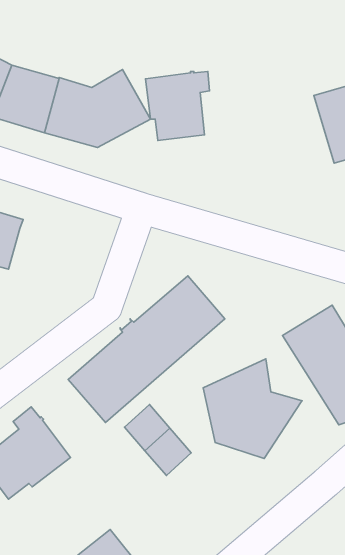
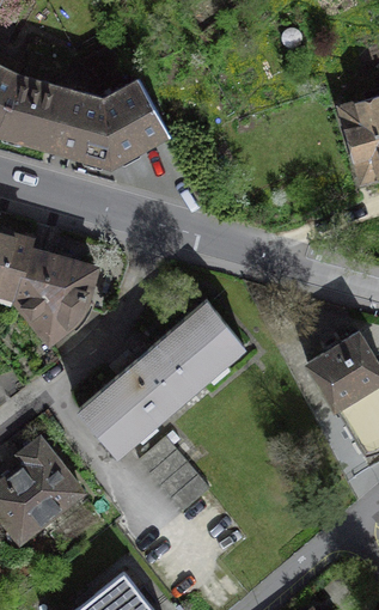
building: [146,71,209,141] -> none
building: none -> [14,251,94,341]
building: [203,359,302,459] -> none

